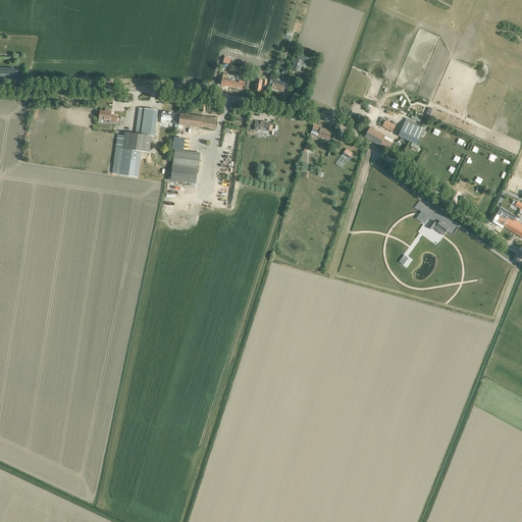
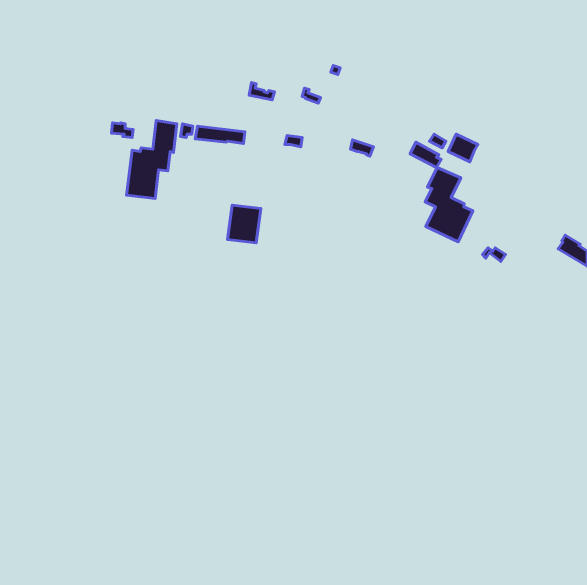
building: none -> [425,167,473,242]
building: [170,149,200,182] -> [228,205,261,243]

